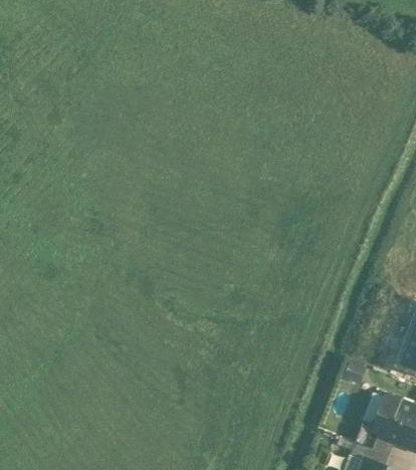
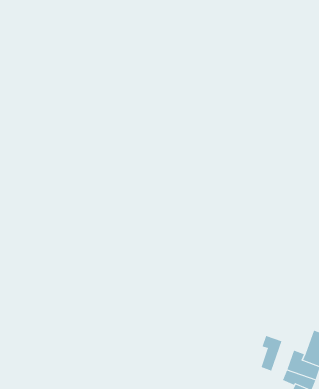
building: none -> [261,335,282,372]

